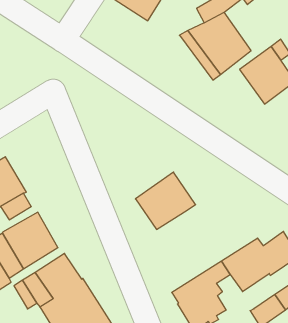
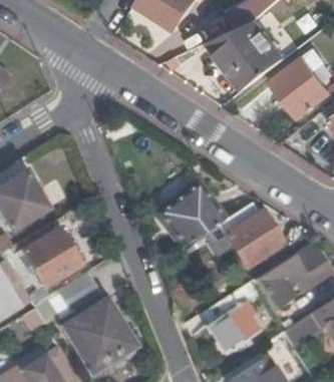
building: none -> [215,204,280,269]

